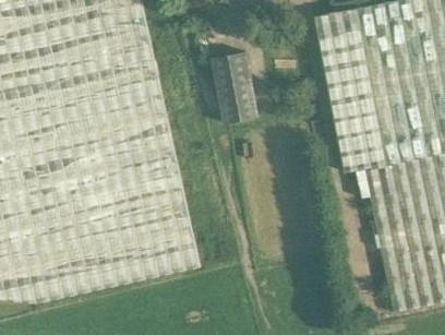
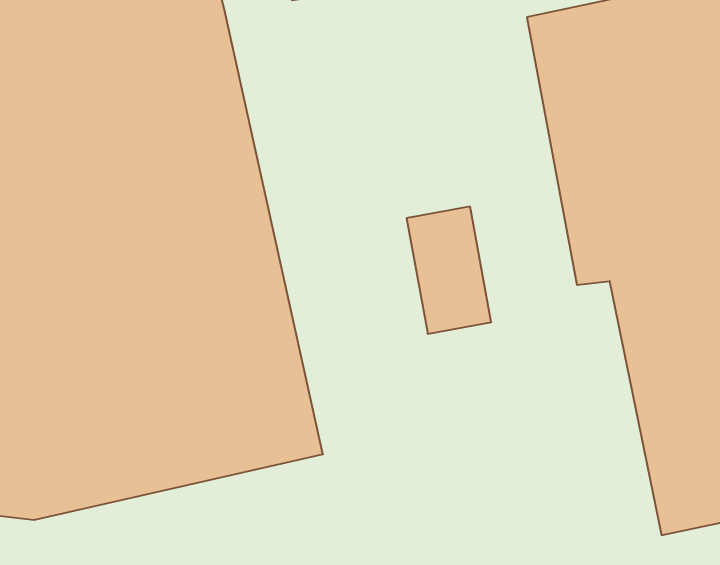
building: [209,51,257,123] -> [407,207,491,334]

